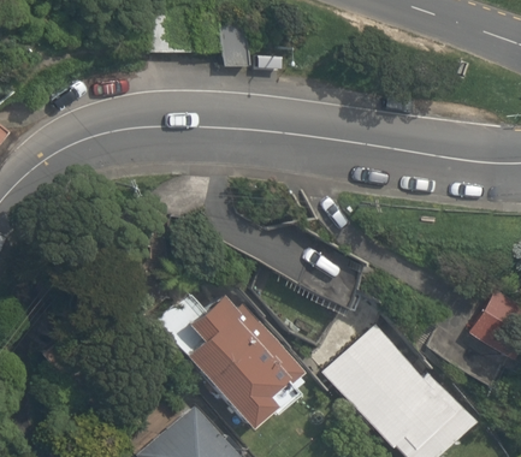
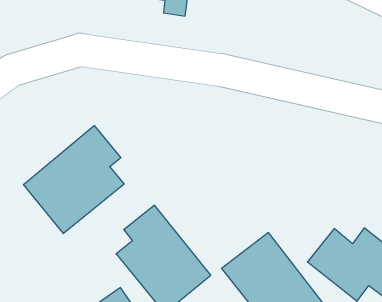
building: none -> [24,126,124,234]

